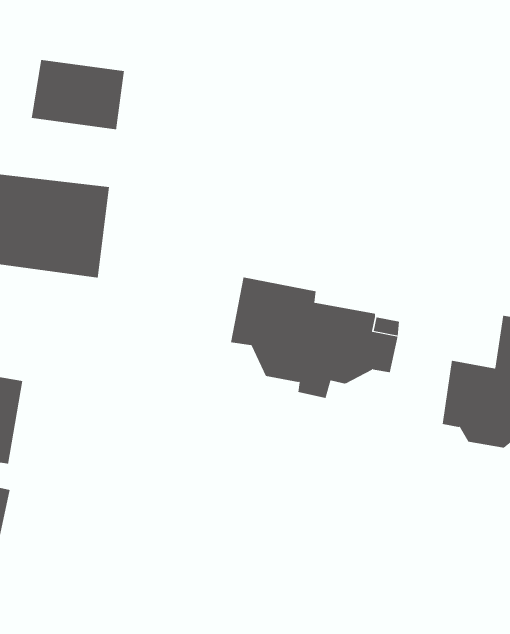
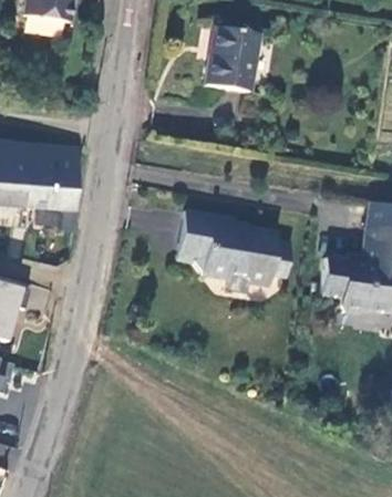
building: none -> [198,25,255,92]
building: [31,59,124,130] -> none

